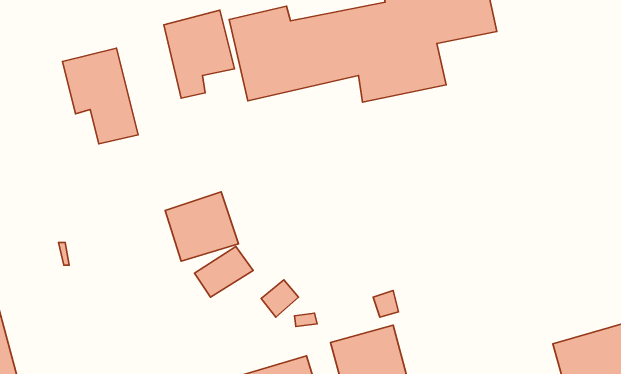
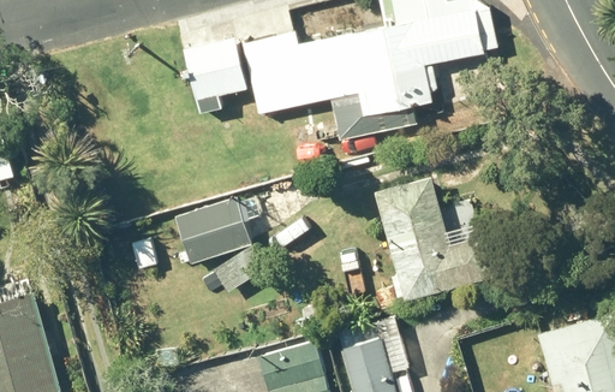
building: [63,48,138,144] -> none
building: none -> [375,173,491,299]

